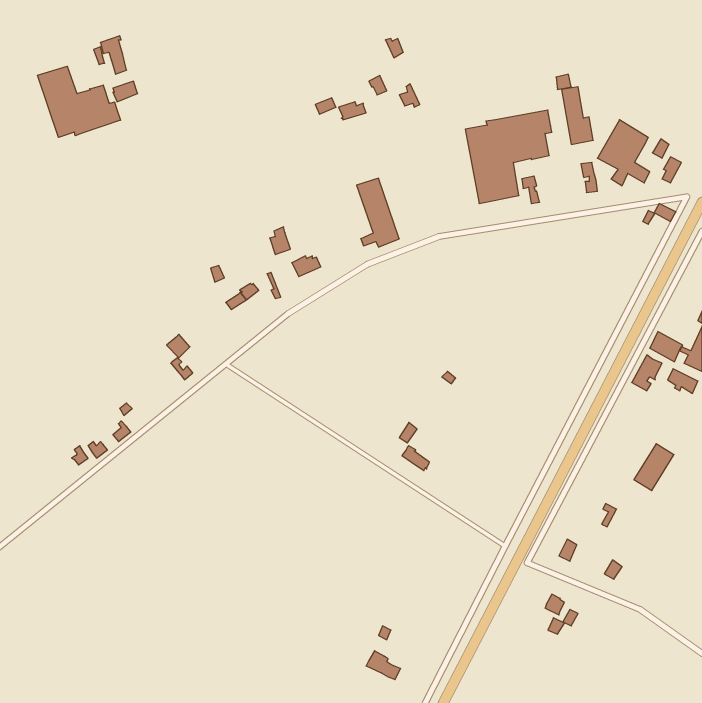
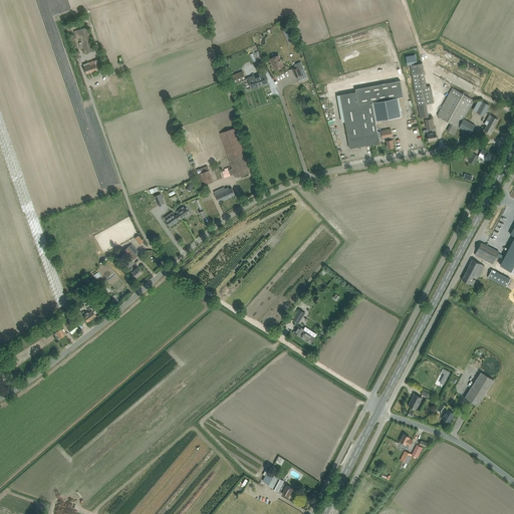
building: [38,66,121,137] -> none
building: [357,178,399,247] -> [219,127,250,178]
building: [634,444,674,491] -> [464,371,493,406]

